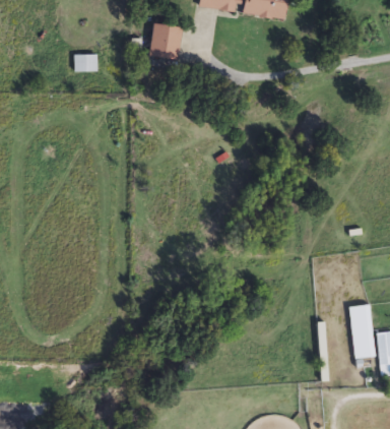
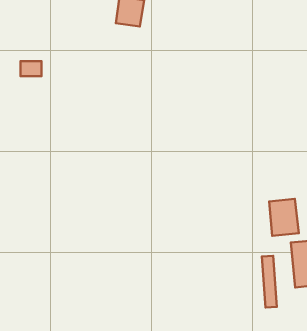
building: [75,55,100,72] -> [20,61,41,76]
building: none -> [269,199,299,236]

